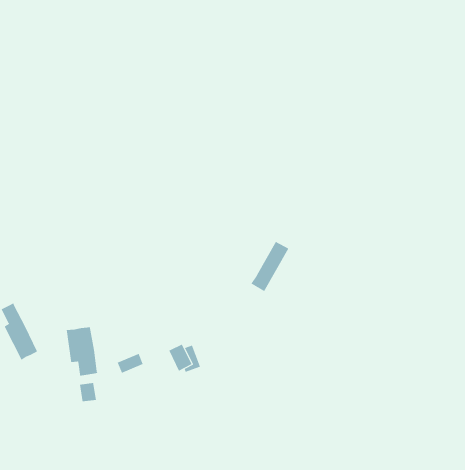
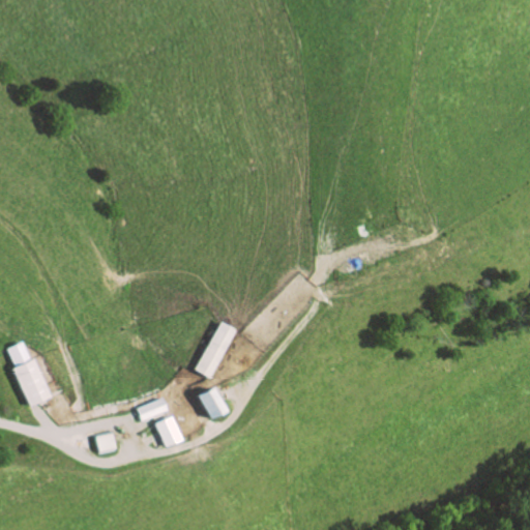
building: [251,241,289,292] -> [196,321,239,378]
building: [66,326,98,376] -> none
building: none -> [155,416,180,445]

